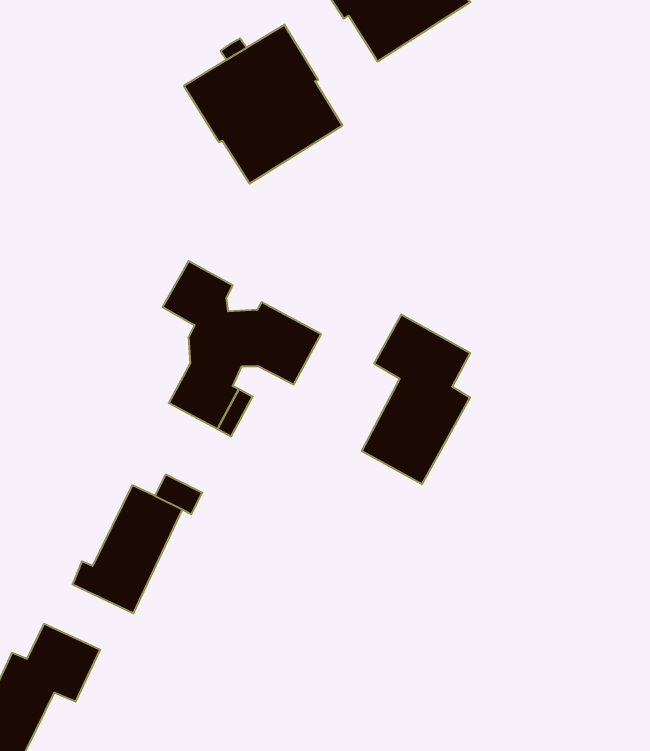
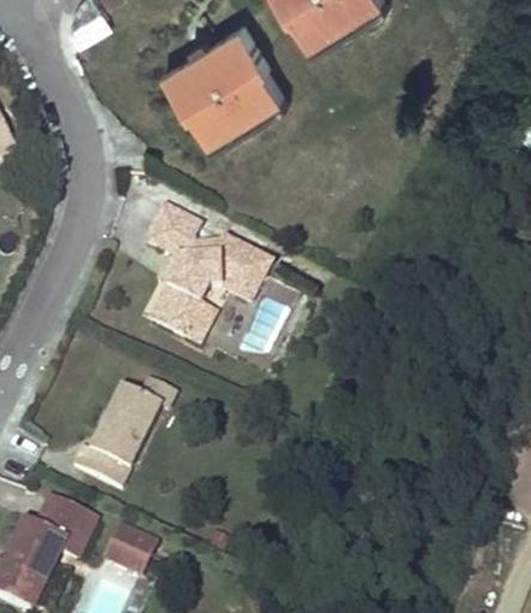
building: [362,314,470,484] -> none
building: none -> [104,525,157,573]

